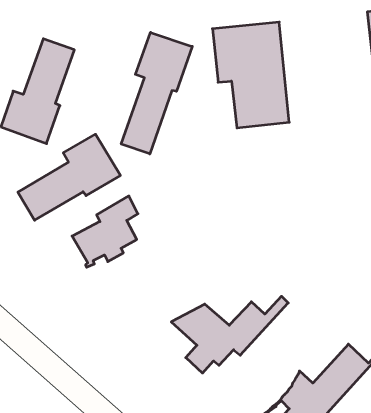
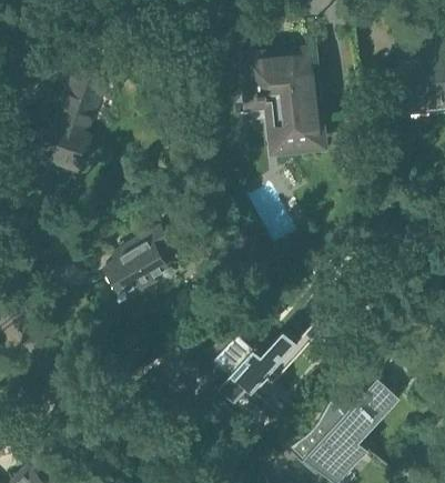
building: [121,32,192,154] -> none
building: [18,134,120,220] -> none

